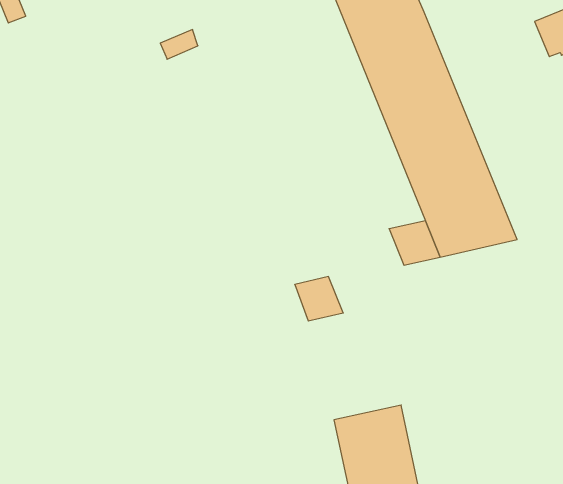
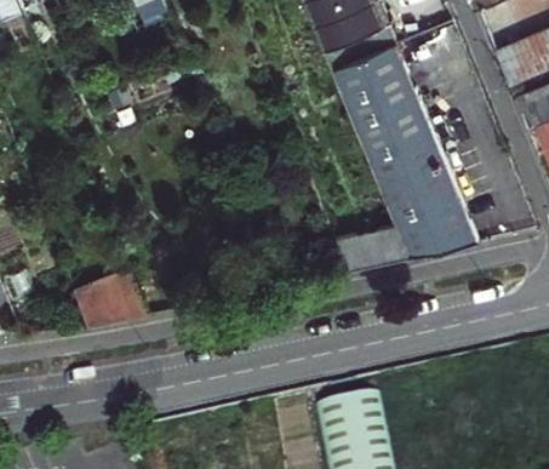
building: none -> [72,274,149,331]
building: [295,277,343,321] -> [333,235,377,275]

